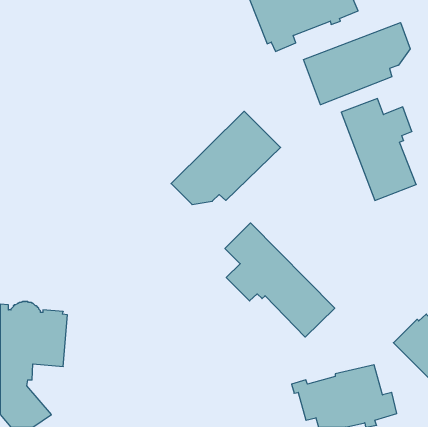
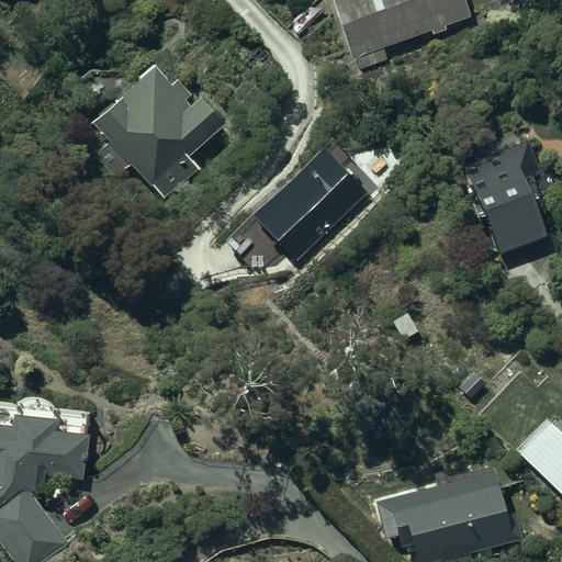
building: [303,23,410,105] -> none
building: none -> [93,64,224,196]
building: [225,223,335,337] -> none

